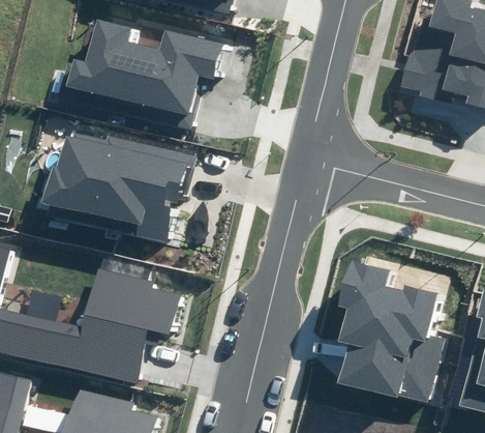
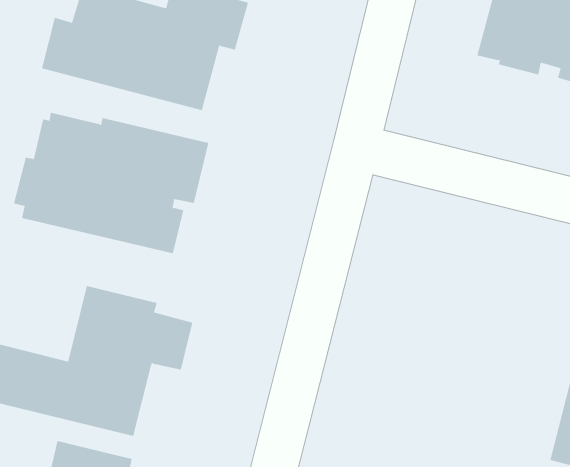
building: [337,259,447,404] -> none

